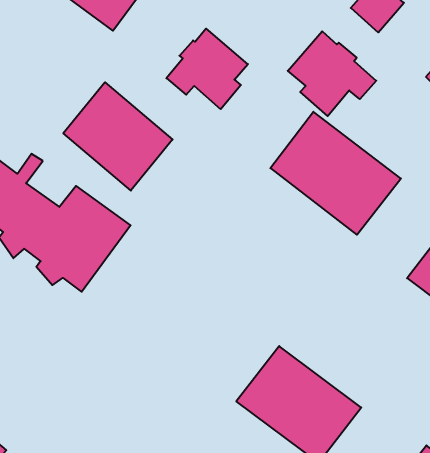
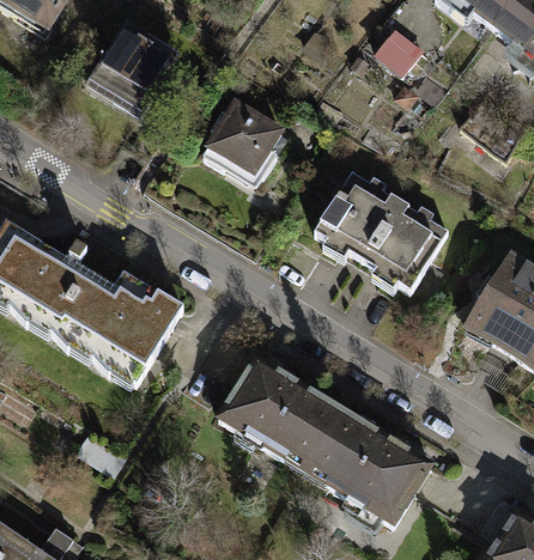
building: [288,31,376,116] -> none
building: [63,82,173,191] -> none
building: none -> [218,358,342,470]

